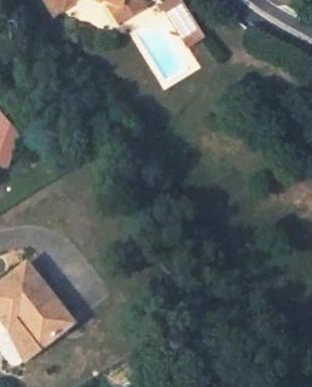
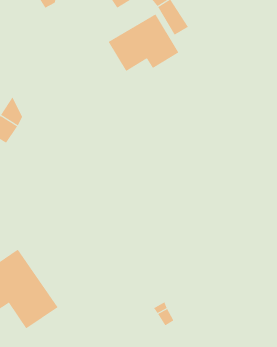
building: none -> [108,13,179,72]

